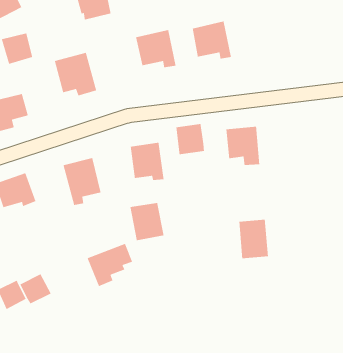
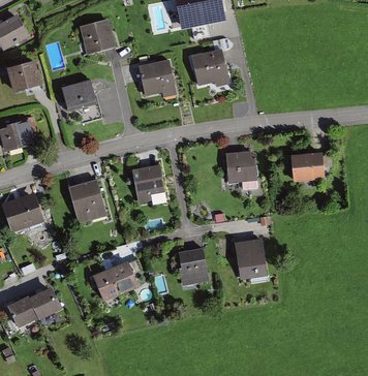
building: [175,123,205,155] -> none
building: none -> [288,152,328,182]
building: [130,202,164,241] -> [176,248,209,285]

